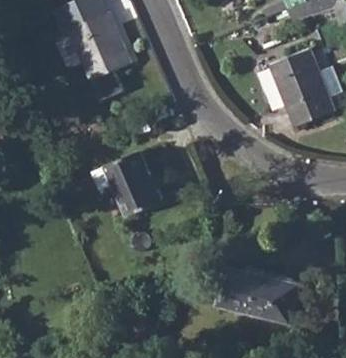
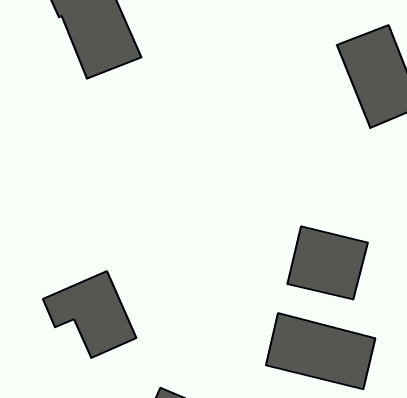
building: [96,146,166,211] -> [43,271,136,358]
building: none -> [288,226,368,300]

